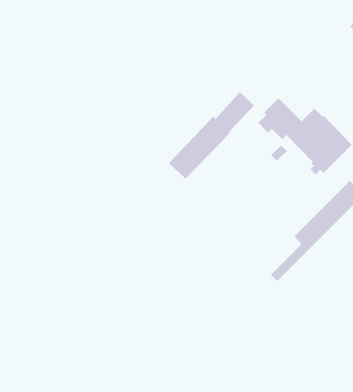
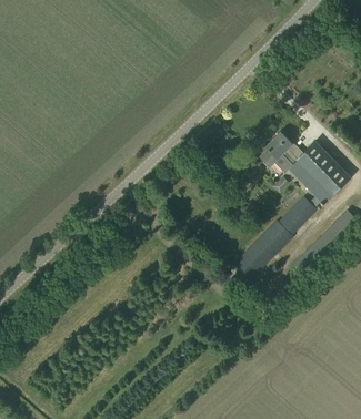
building: [168,91,255,180] -> [233,195,317,279]

